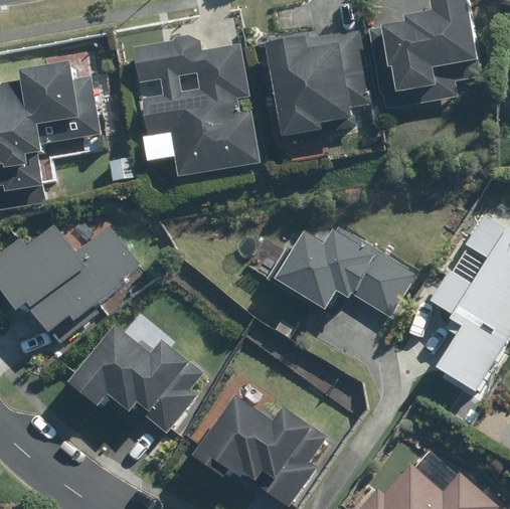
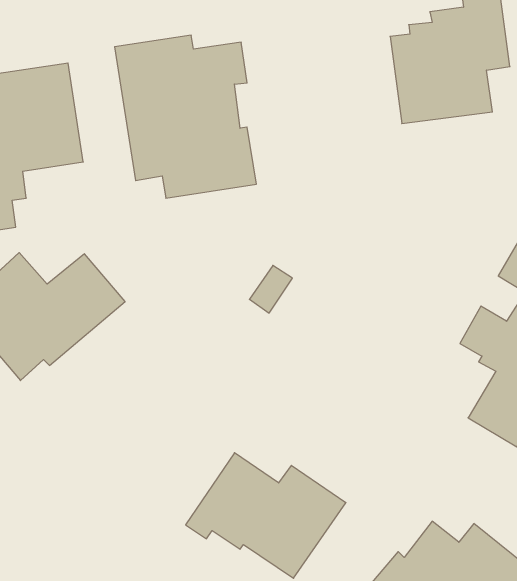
building: [267,27,363,141] -> none
building: [276,222,417,317] -> none
building: [66,325,203,429] -> none

